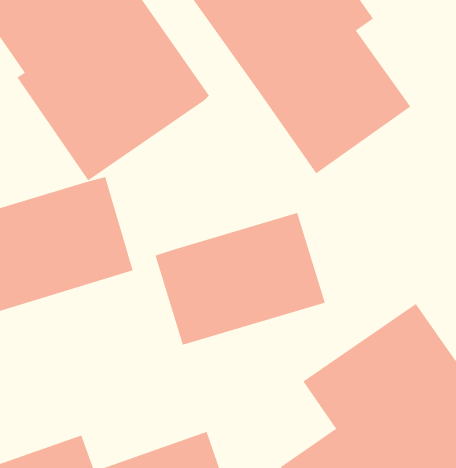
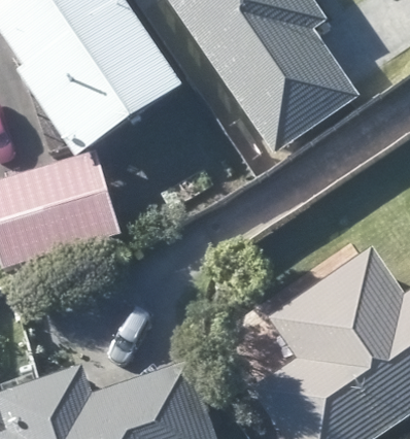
building: [155,212,326,345] -> none

